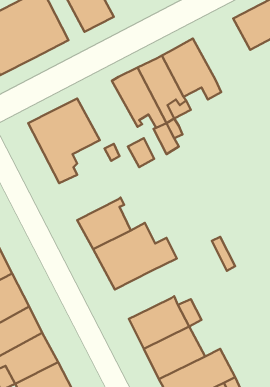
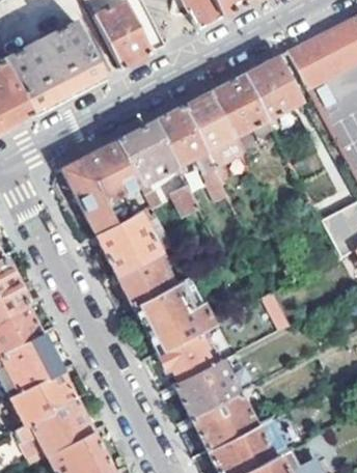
building: none -> [242,55,305,119]
building: none -> [114,120,181,186]
building: none -> [94,207,160,274]
building: none -> [156,330,218,379]

